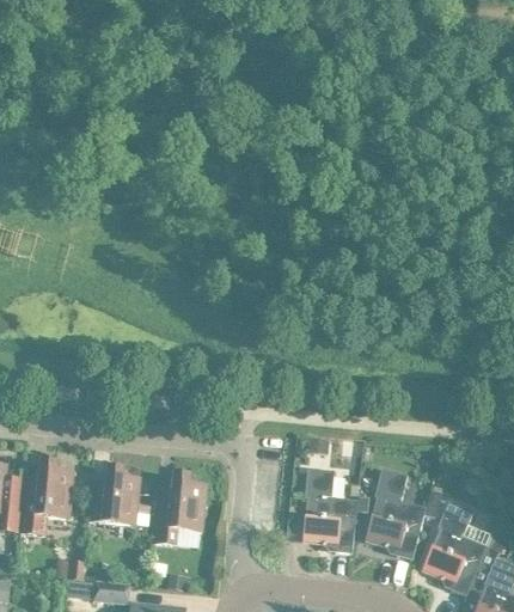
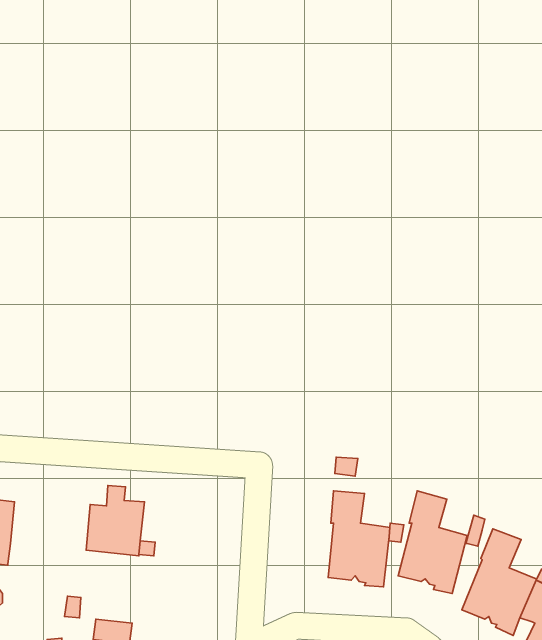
building: [20,455,74,534] -> none
building: [154,469,207,544] -> none

